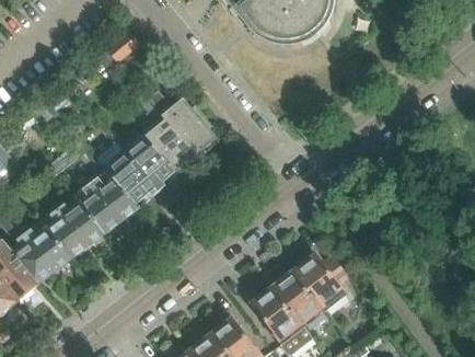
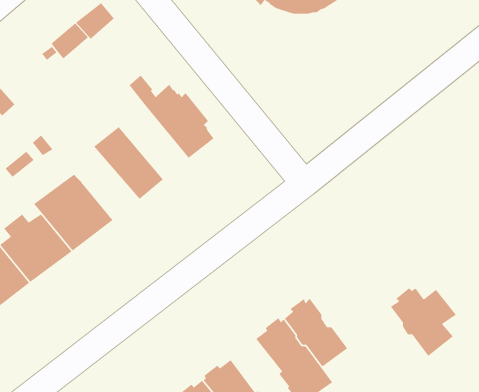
building: [135,94,196,175] -> none
building: [94,143,157,208] -> none
building: [293,255,347,311] -> [390,287,457,357]

